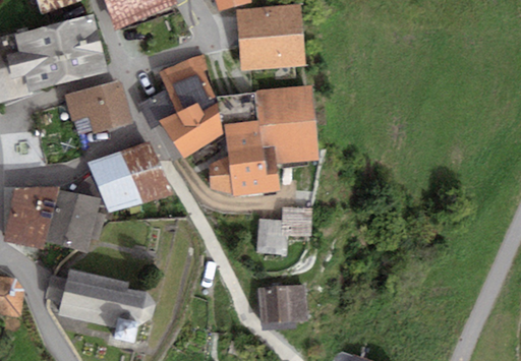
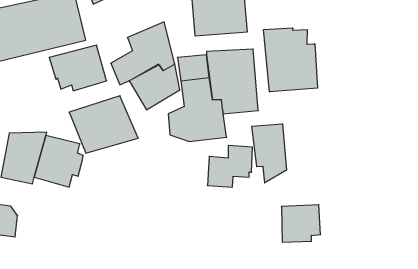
building: none -> [264,28,317,92]
building: none -> [252,124,286,183]
building: [45,269,155,328] -> none
building: [258,284,306,329] -> [281,205,321,242]

